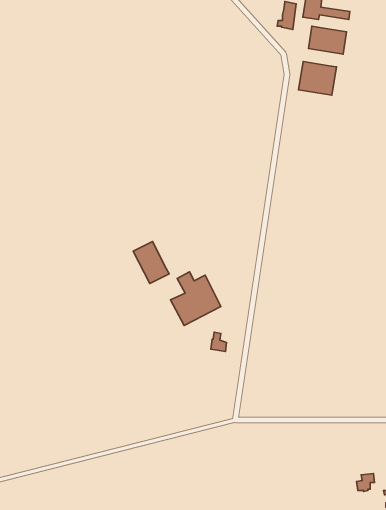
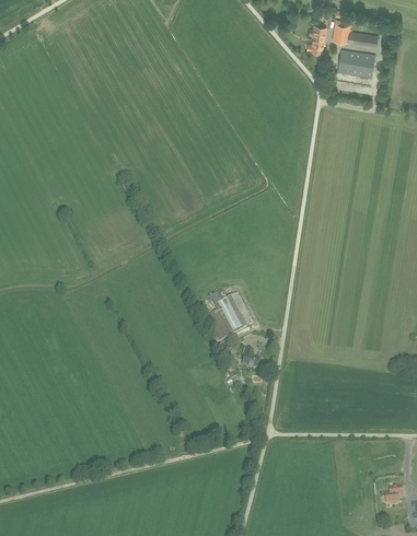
building: [298,61,337,95] -> none
building: [133,242,169,283] -> none

